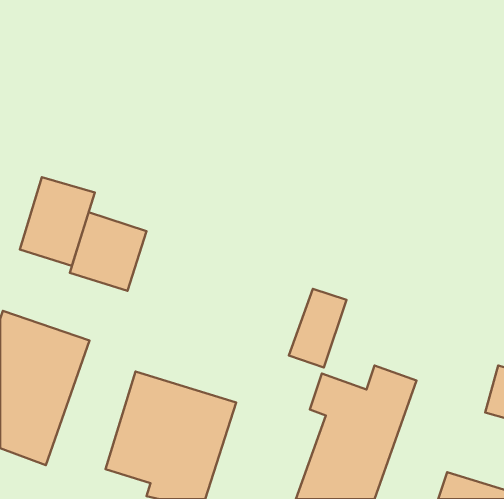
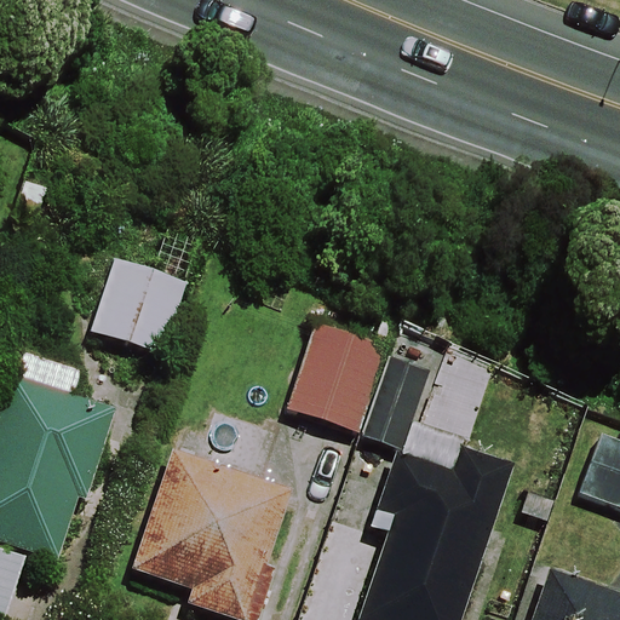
building: [20,177,95,266] -> none
building: none -> [285,326,386,432]

